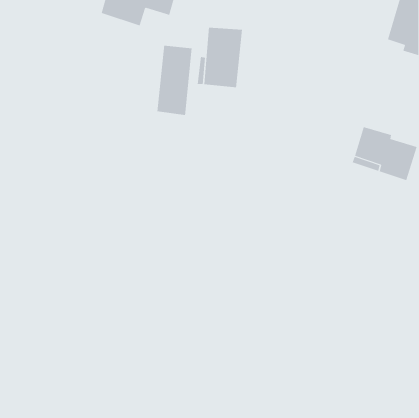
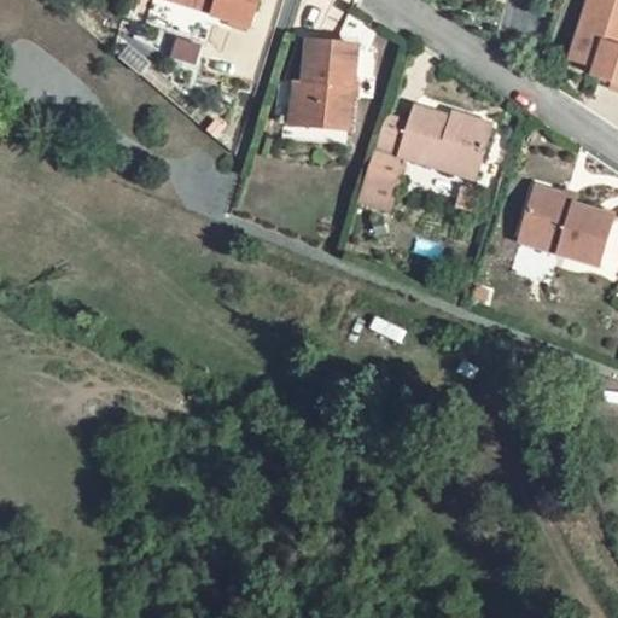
building: [157,45,192,116] -> none
building: none -> [358,105,491,208]

